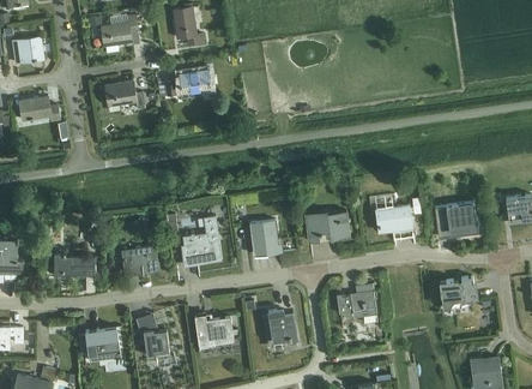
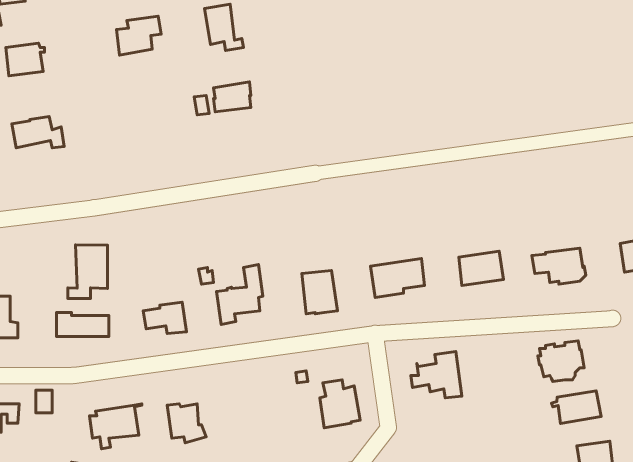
building: [105,80,145,112] -> none
building: none -> [68,245,108,299]
building: [194,313,232,345] -> none
building: none -> [552,391,601,423]

